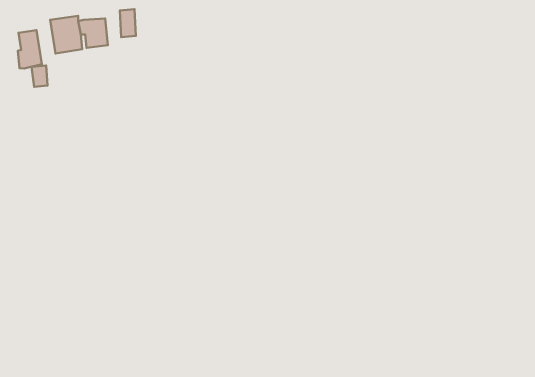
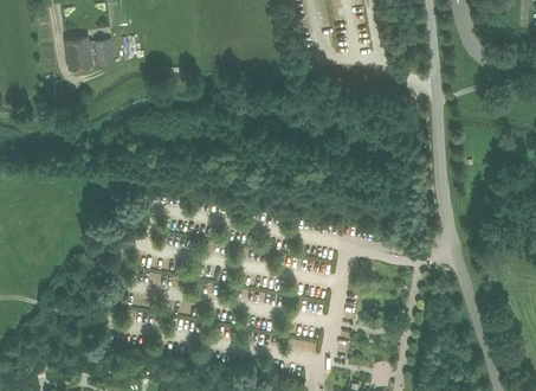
building: [18,30,42,68] -> none

